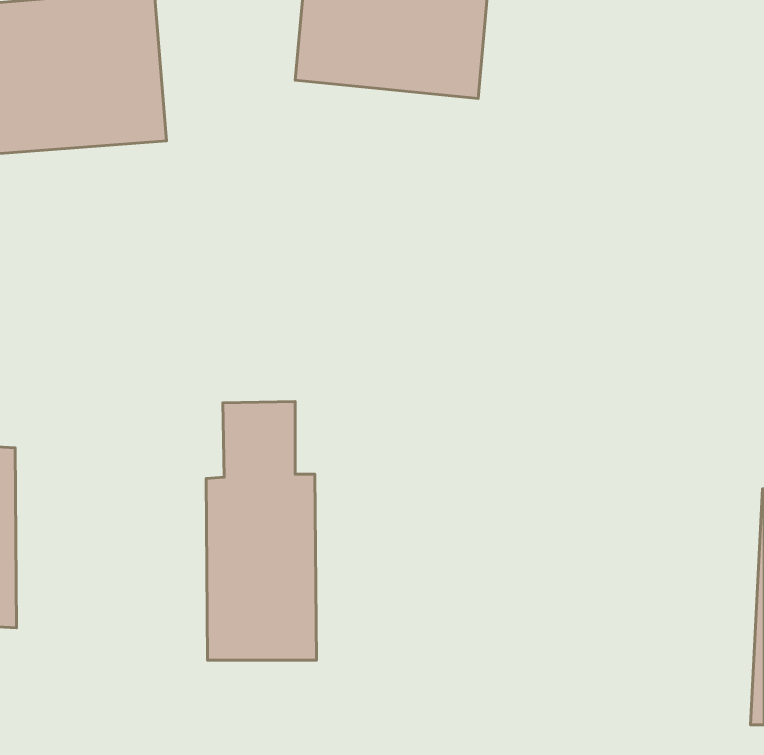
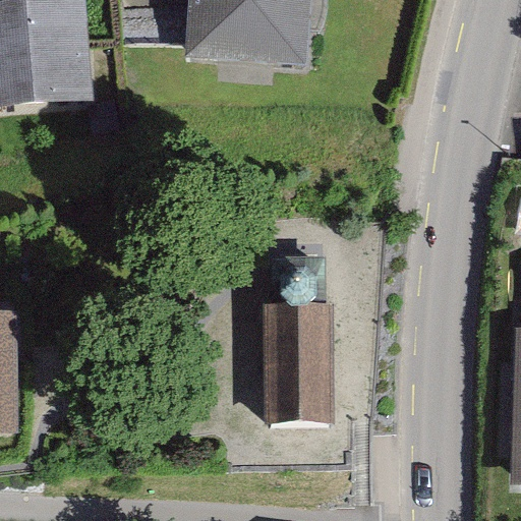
building: [206,401,317,660] -> [258,259,333,433]

